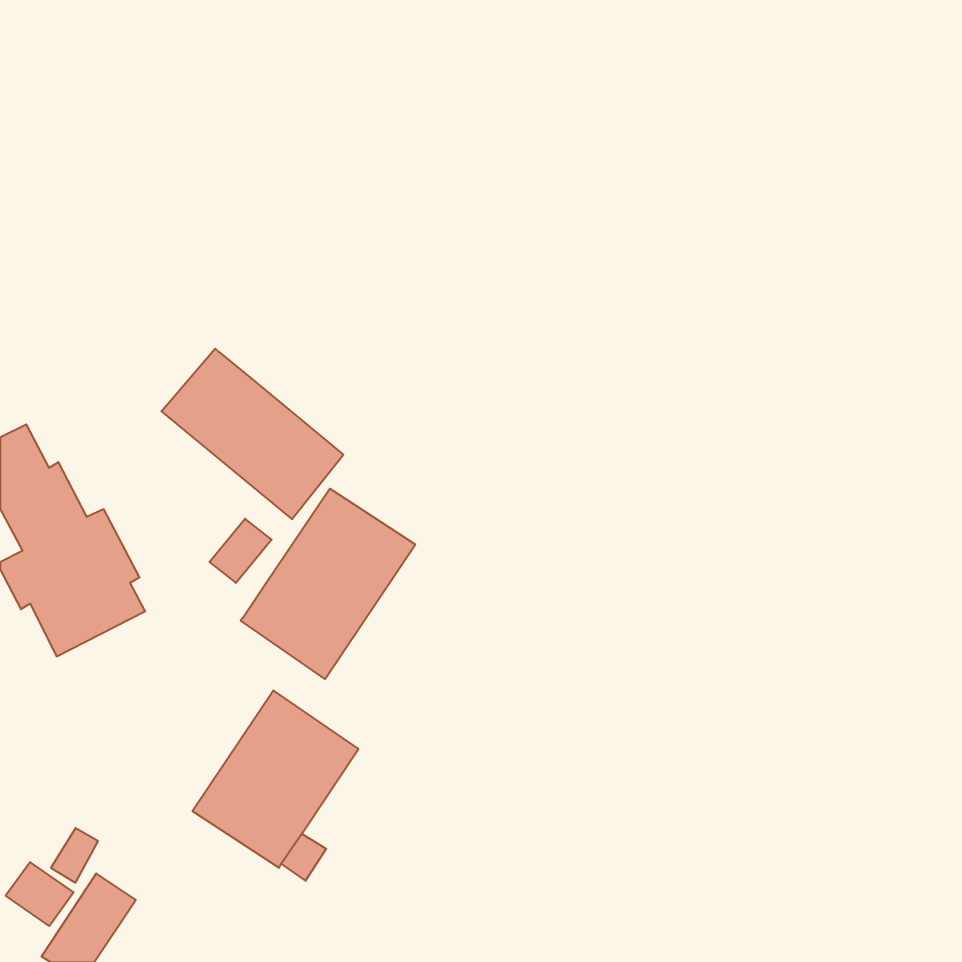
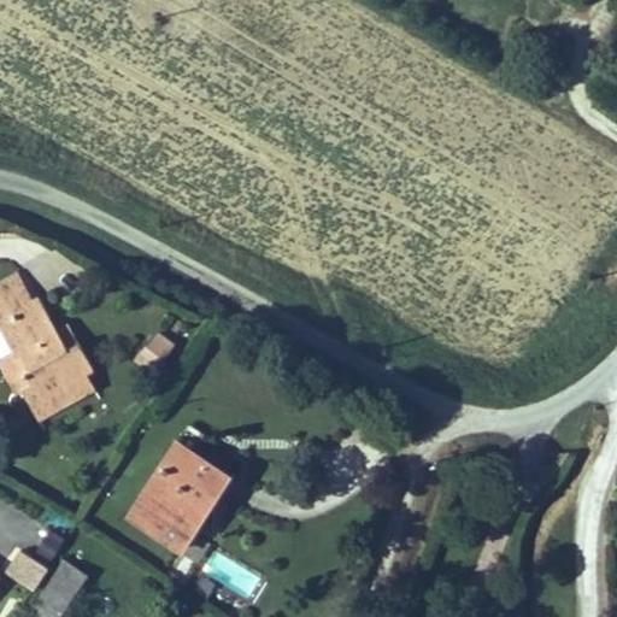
building: [161,349,343,519] -> none
building: [241,489,415,679] -> none

